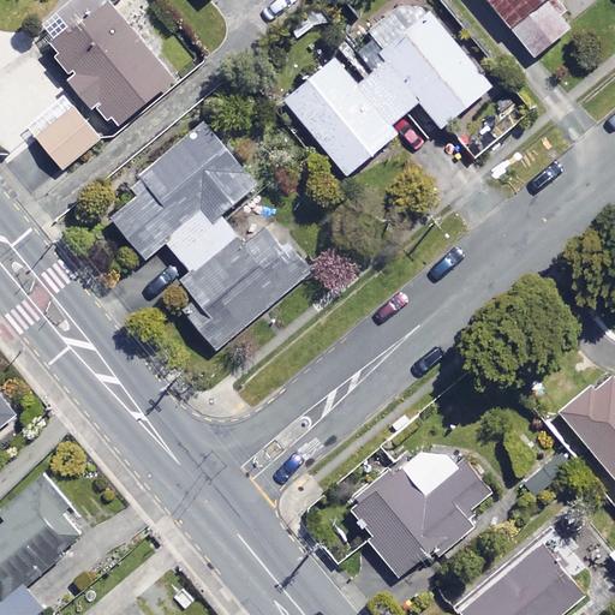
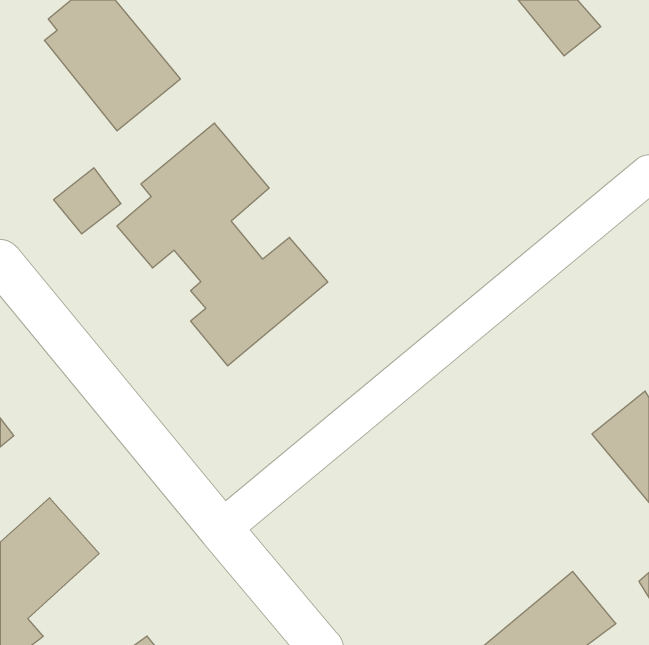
building: [281,8,489,173] -> none
building: [35,106,98,168] -> [54,168,121,234]
building: [351,440,489,575] -> none

